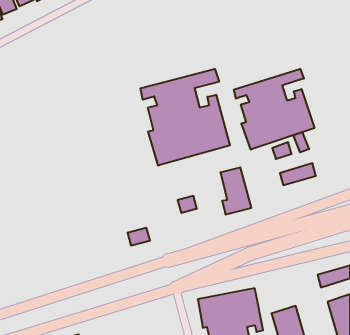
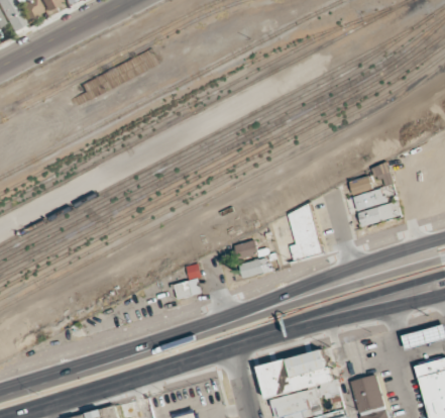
building: [234,69,314,150] -> none
building: [140,69,230,166] -> none
building: none -> [352,189,385,211]
building: none -> [239,258,269,279]

